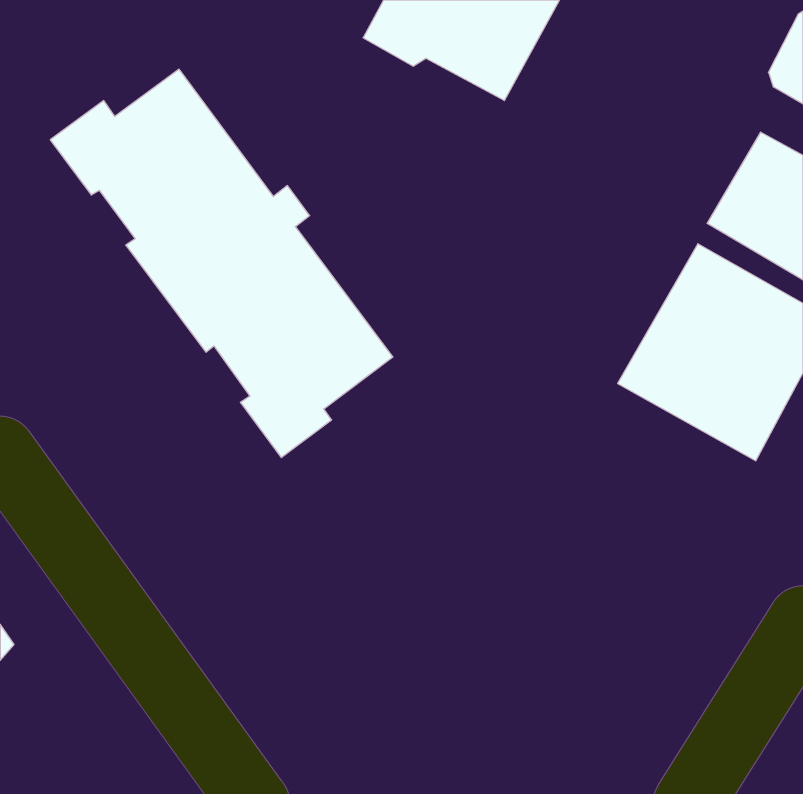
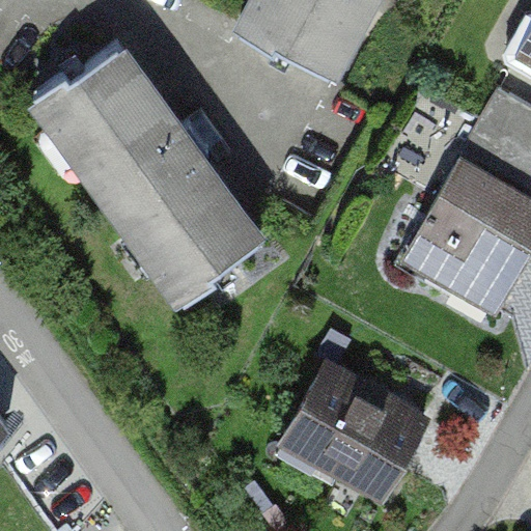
building: none -> [290,371,425,493]

